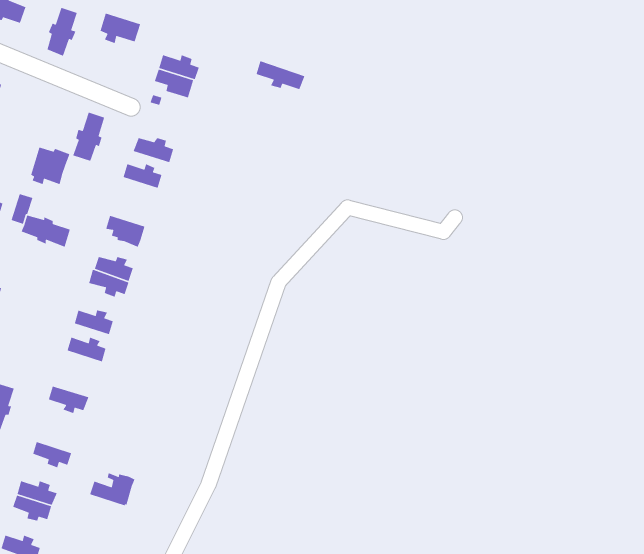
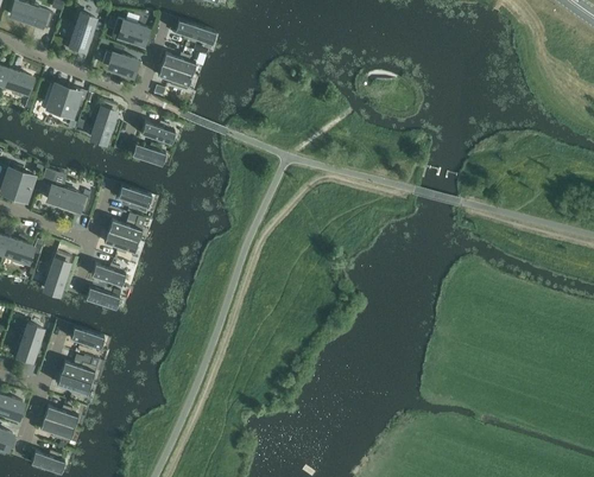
building: none -> [102,47,137,76]
building: [255,60,306,90] -> [175,20,216,45]
building: [30,147,70,185] -> [48,84,81,116]
building: none -> [44,253,71,294]
building: [90,472,135,506] -> [61,355,99,383]

